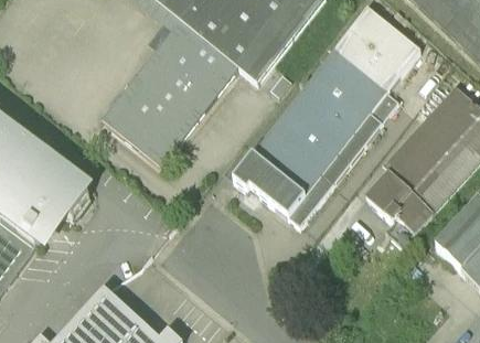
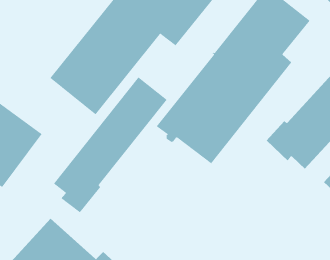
building: none -> [53,76,167,213]

